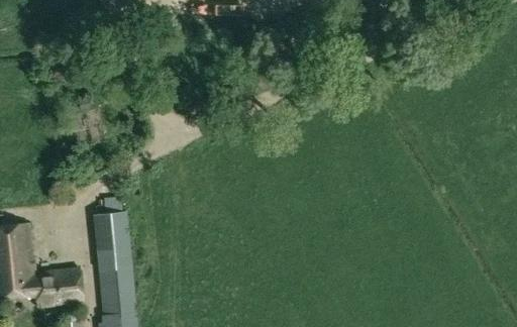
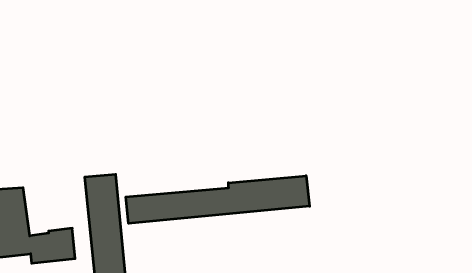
building: none -> [126,176,310,223]

